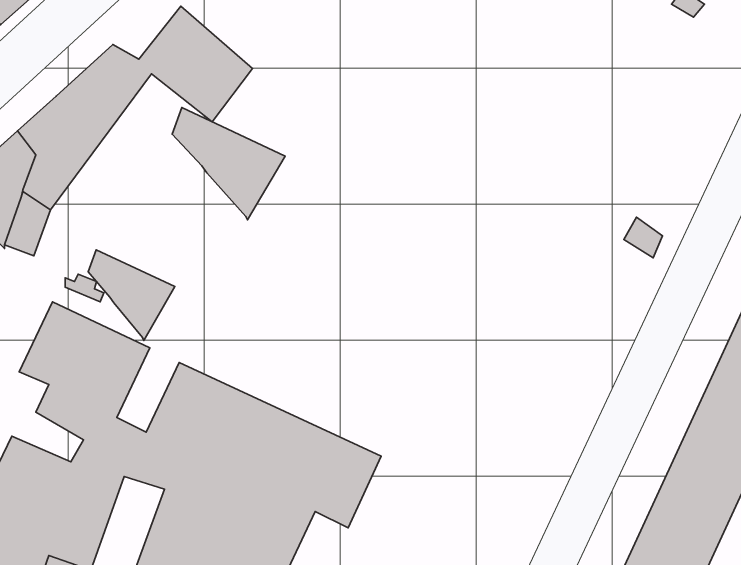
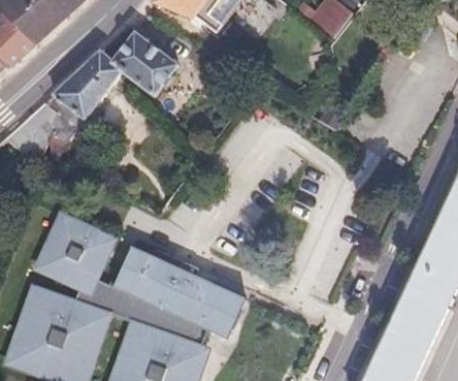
building: [172,107,285,220] -> none
building: [88,250,175,340] -> none

